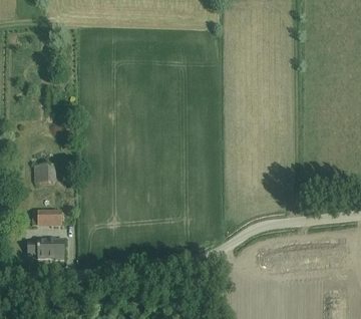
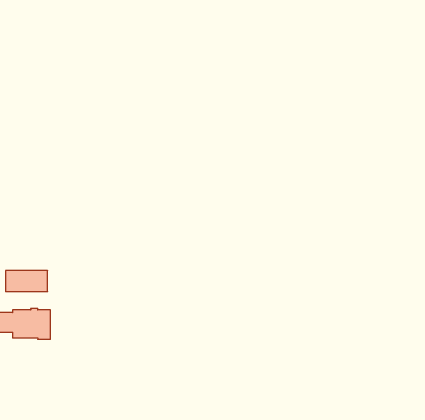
building: [34,165,56,184] -> none

